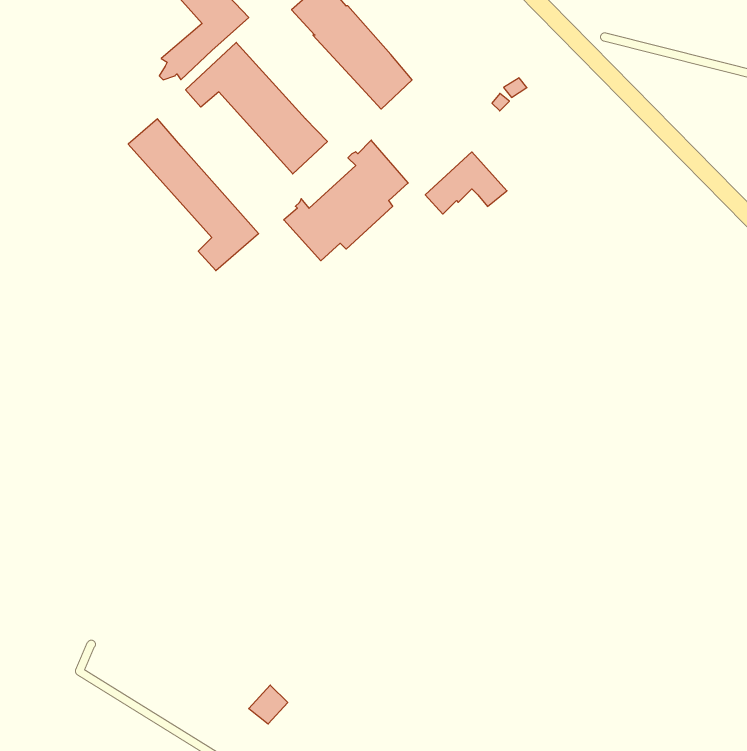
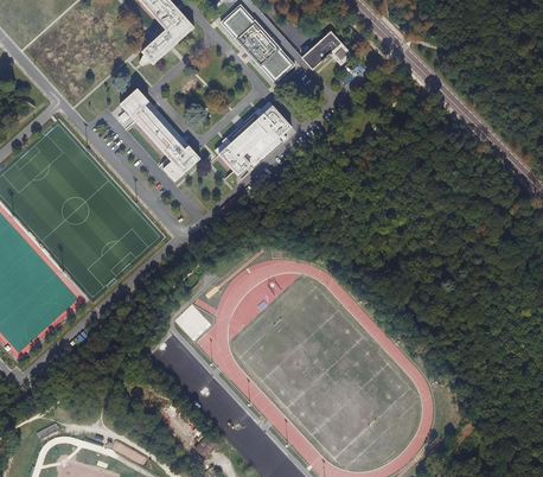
building: [186,42,327,174] -> none
building: [425,152,507,214] -> [301,31,351,69]

